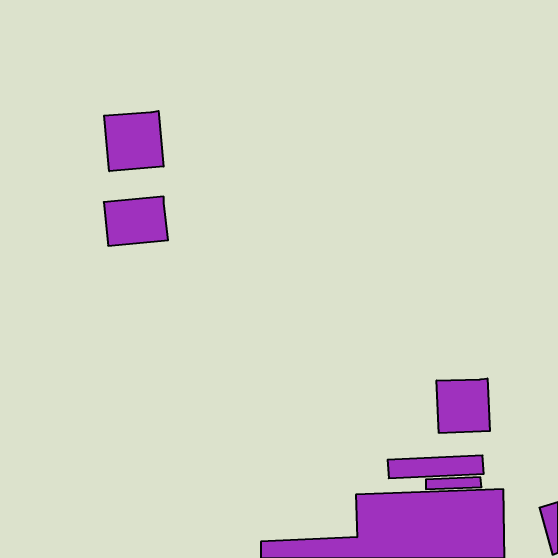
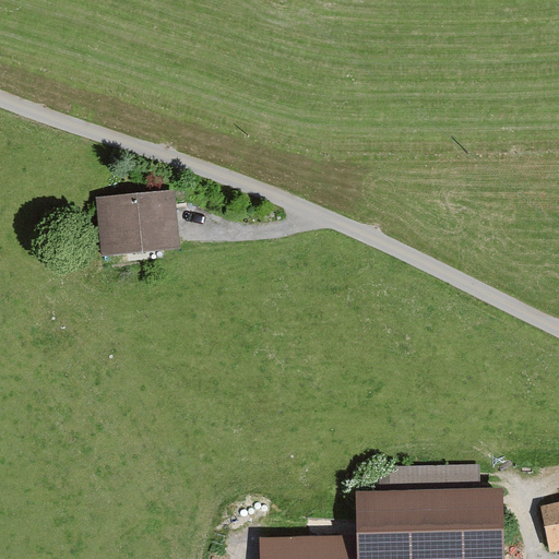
building: [104,111,164,171] -> none
building: [437,378,490,433] -> none

